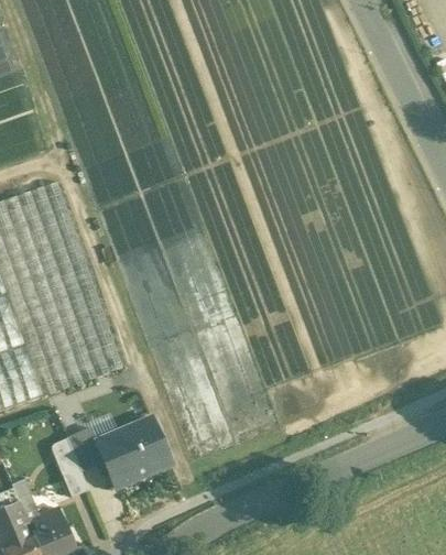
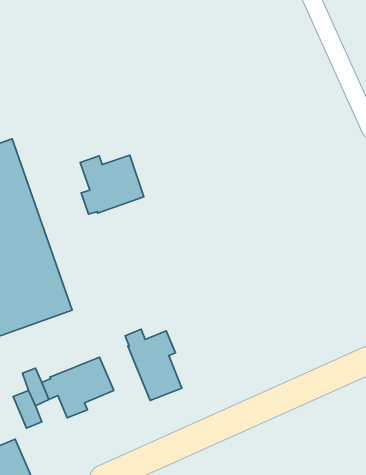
building: none -> [80,155,144,214]
building: none -> [125,329,182,401]

